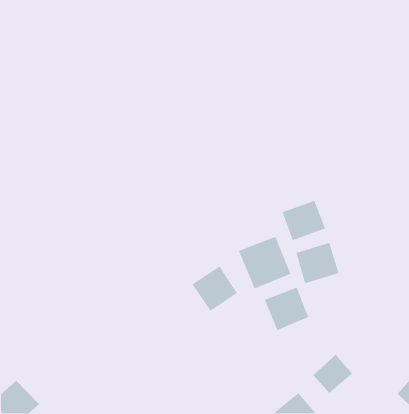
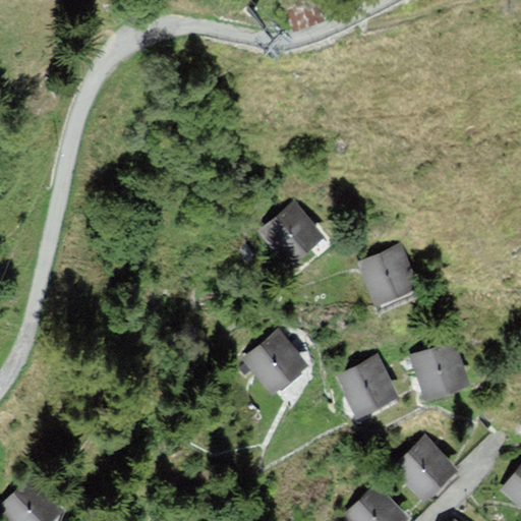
building: none -> [264,207,322,265]
building: [238,236,291,290] -> none
building: [296,242,339,284] -> [413,346,468,399]

